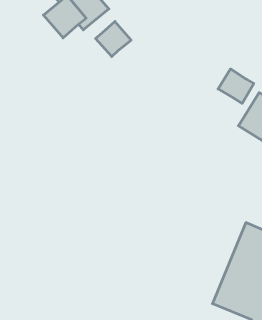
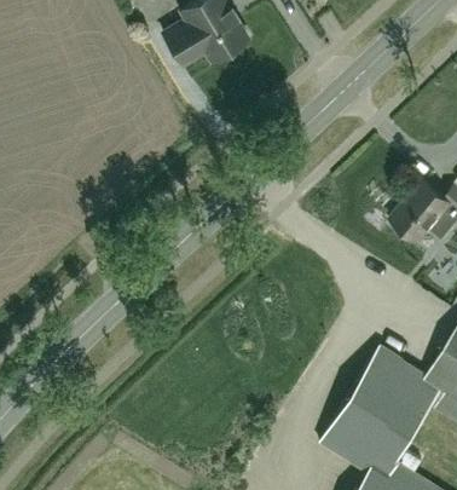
building: [96,21,131,57] -> none
building: [218,69,254,103] -> none

